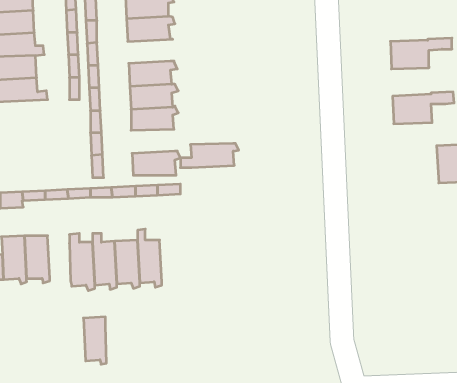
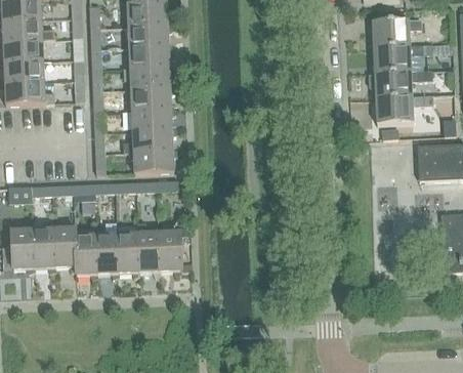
building: none -> [373,18,421,47]
building: none -> [129,45,174,68]
building: none -> [369,70,431,98]
building: [180,143,239,168] -> [123,129,177,152]
building: none -> [159,232,182,276]
building: [83,317,106,364] -> [54,227,76,272]

